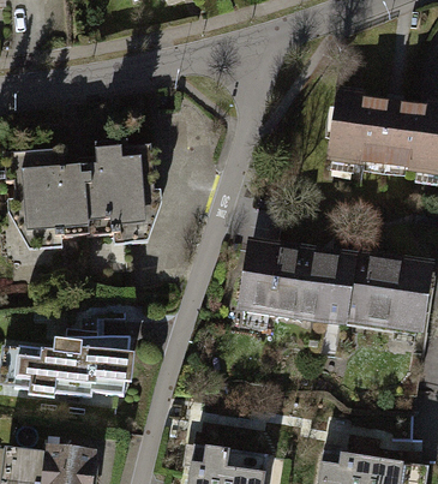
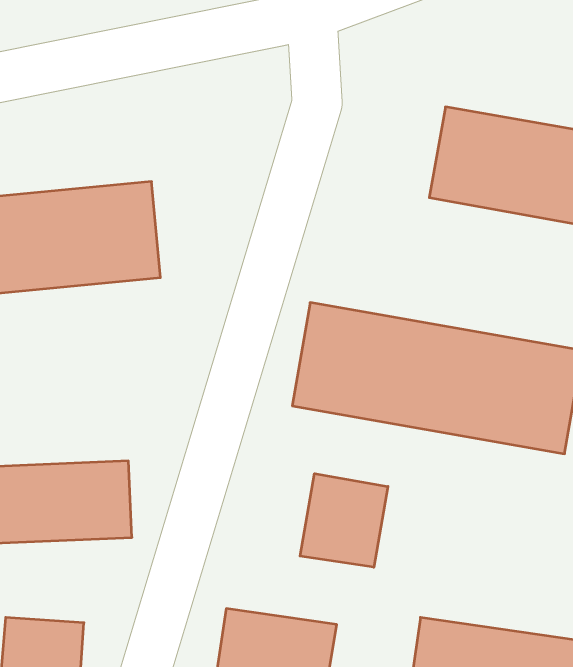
building: none -> [300,474,388,567]

